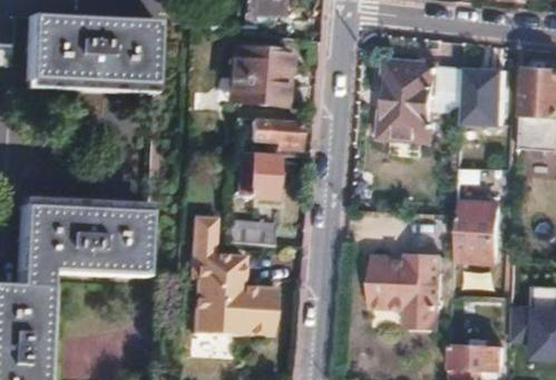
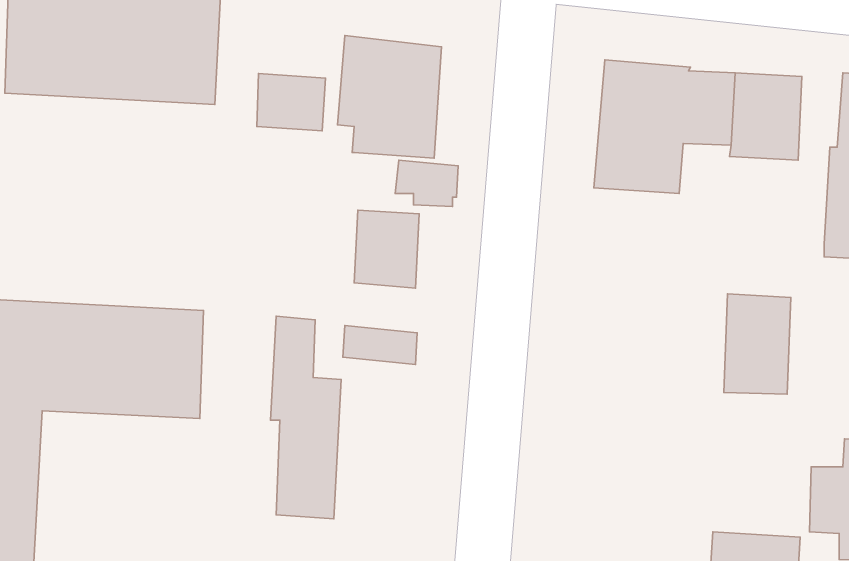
building: none -> [257,73,325,131]
building: [225,253,272,337] -> none
building: [371,254,445,332] -> none

